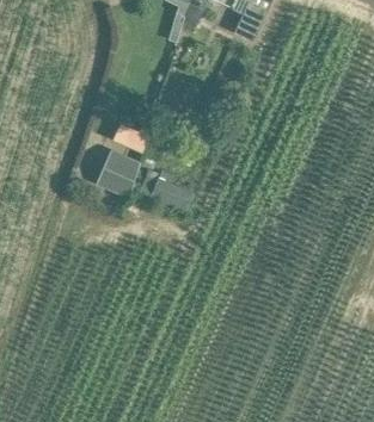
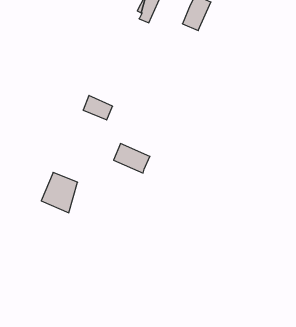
building: [96,154,140,203] -> [41,172,78,213]

